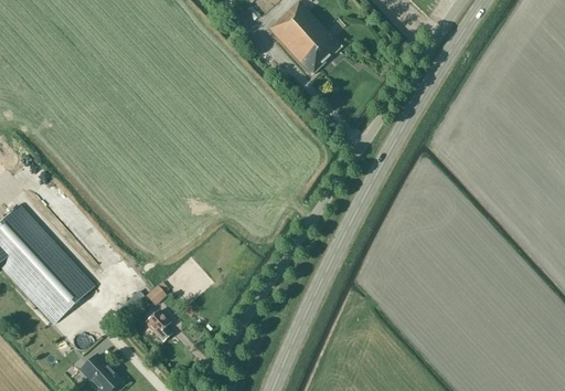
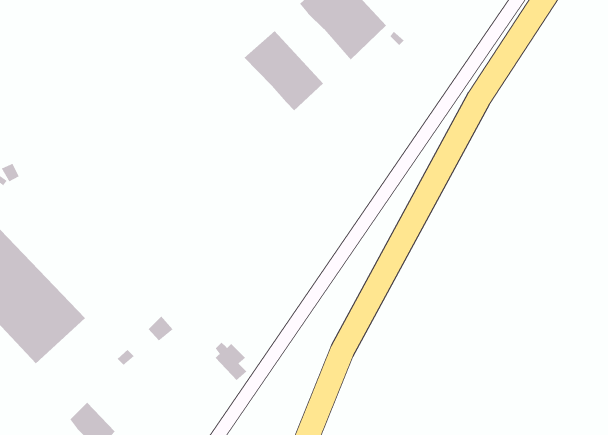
building: none -> [244,30,324,111]
building: [146,308,172,340] -> [215,342,247,381]

